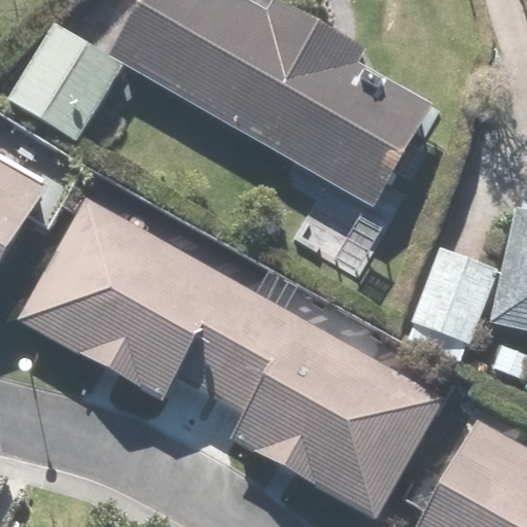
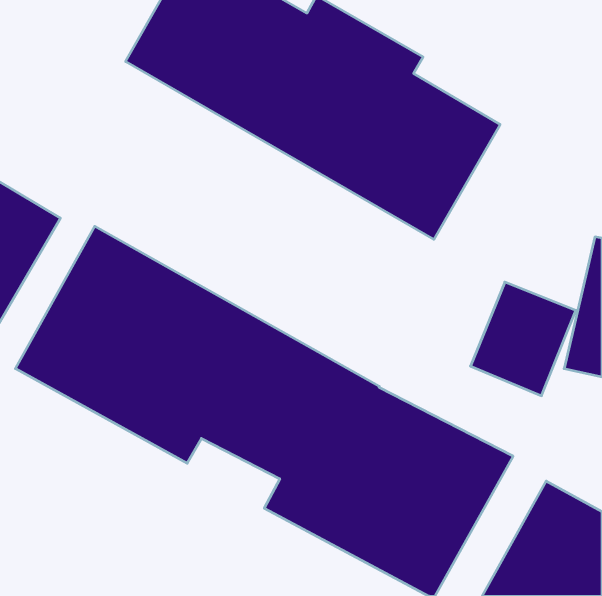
building: [7,23,124,142] -> none

